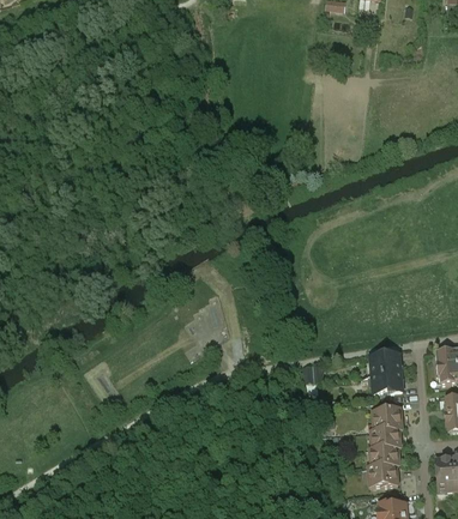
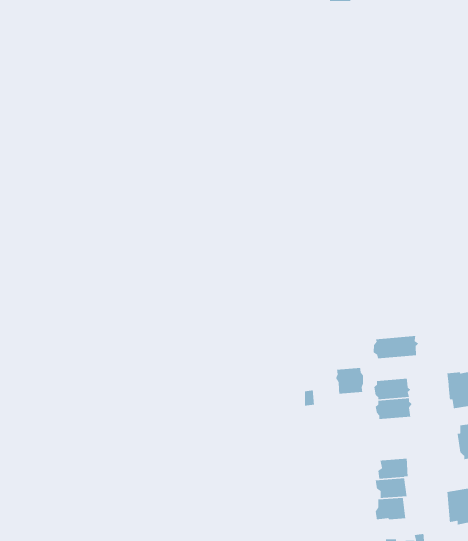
building: none -> [373,335,419,359]
building: none -> [335,367,364,395]
building: [372,406,402,429] -> none

